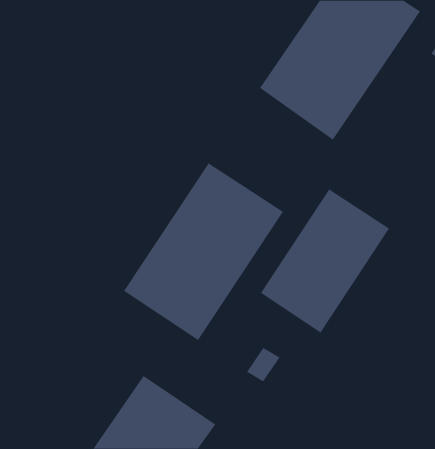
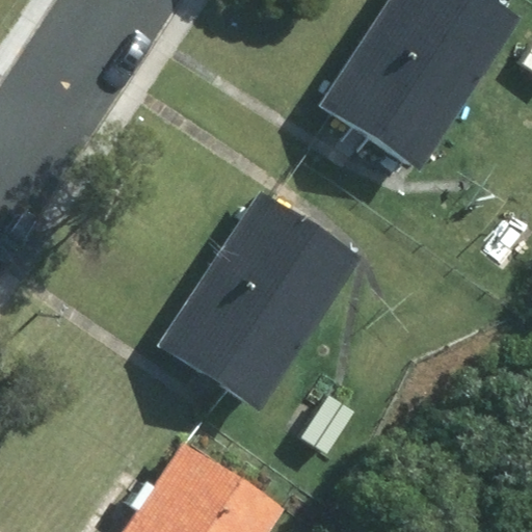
building: [260,188,390,334] -> none

